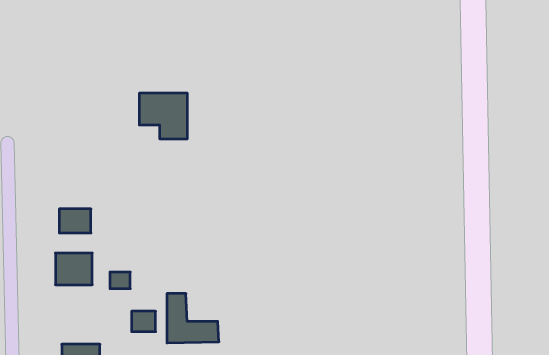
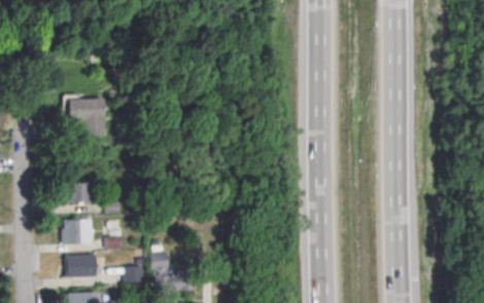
building: [139,93,187,139] -> [64,99,103,136]
building: none -> [65,255,96,277]

